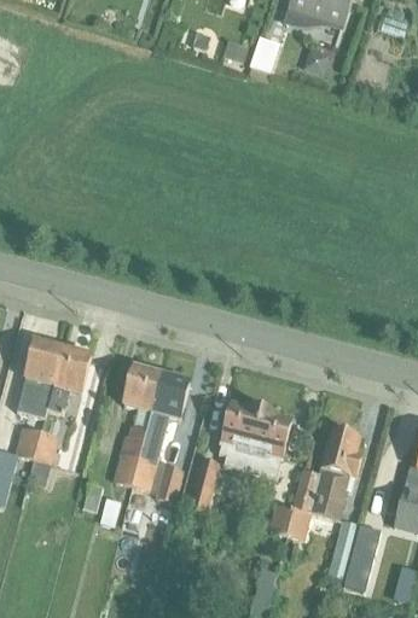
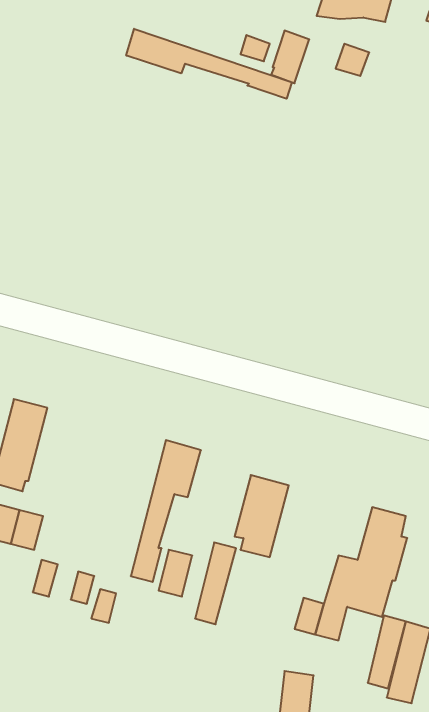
building: none -> [126,29,292,99]
building: [47,346,91,412] -> none
building: [112,366,161,485] -> none
building: [246,410,291,477] -> none

